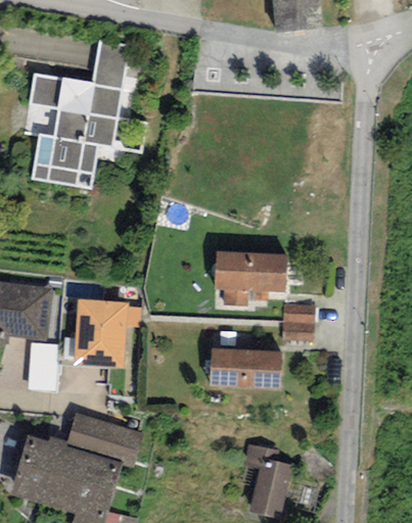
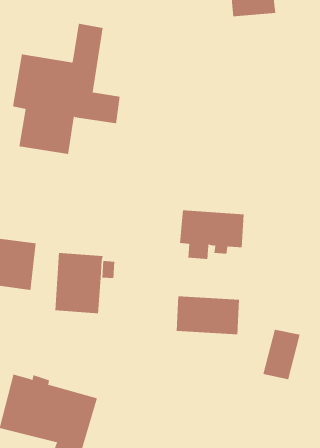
building: [282,303,316,340] -> none
building: [28,342,58,391] -> none
building: [66,414,143,468] -> none
building: [249,456,292,513] -> [263,329,301,380]

